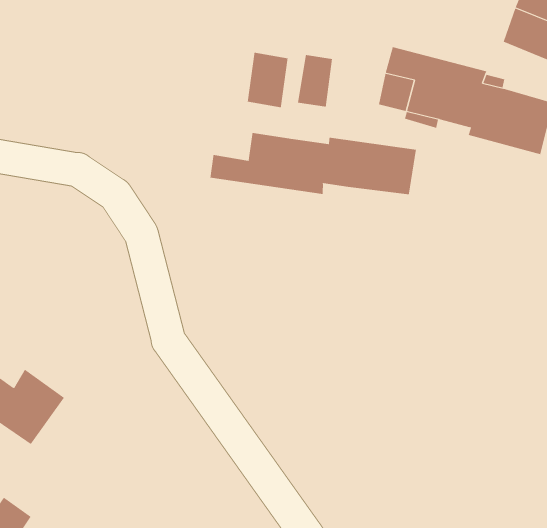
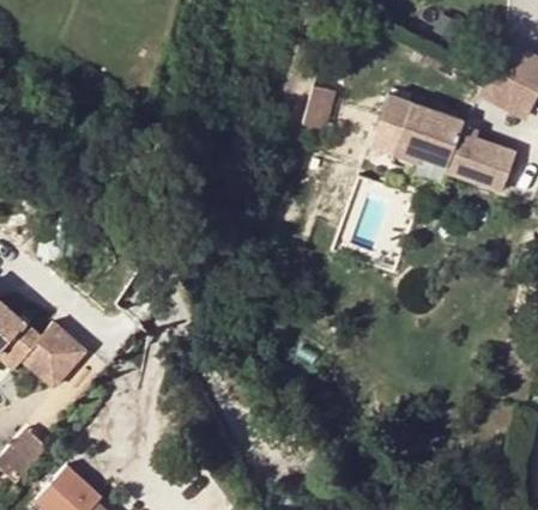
building: [247,52,288,108] -> none
building: [210,132,416,195] -> none

